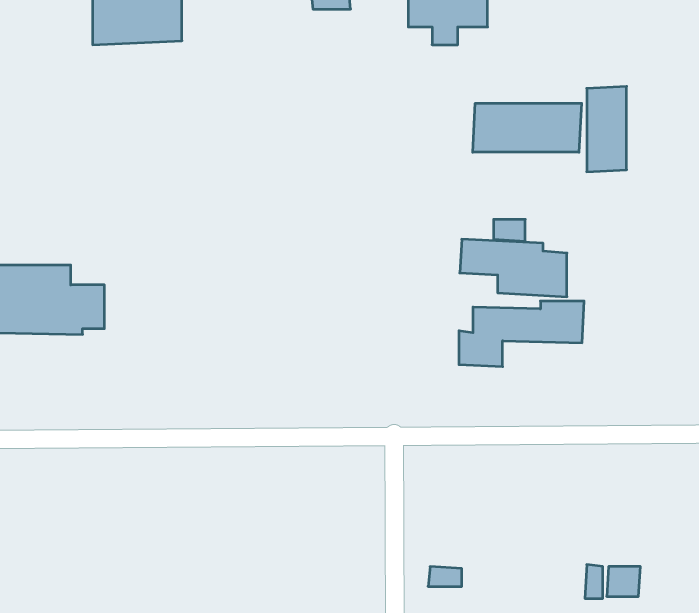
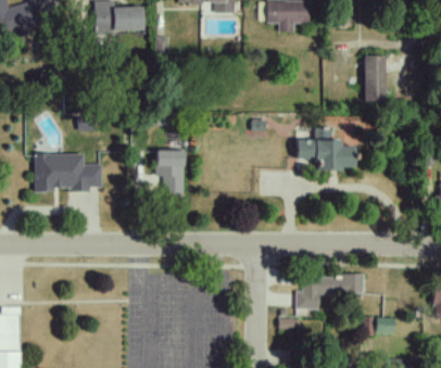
building: [473,103,582,152] -> none
building: none -> [155,150,184,193]
building: [459,301,584,367] -> [295,274,364,309]

